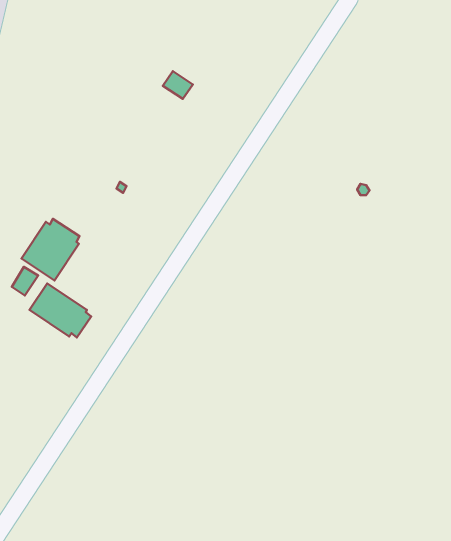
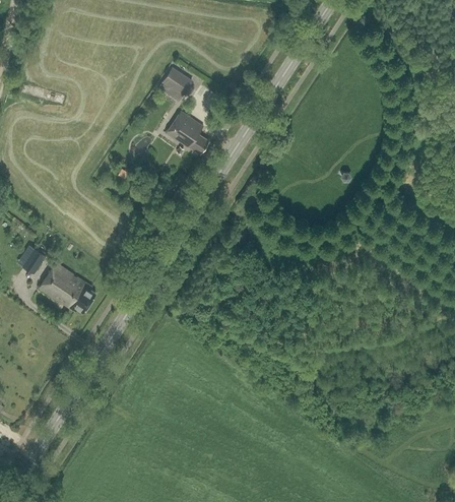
building: none -> [166,111,208,153]
building: [21,219,79,281] -> none

